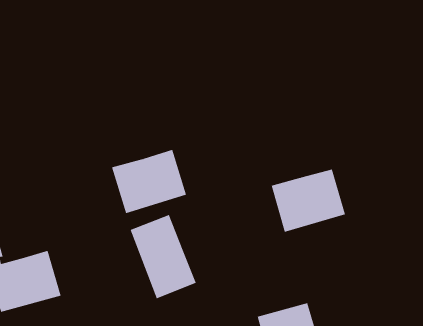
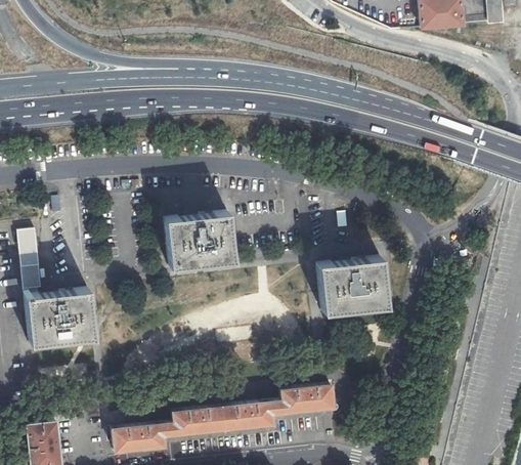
building: [130,214,197,299] -> none

